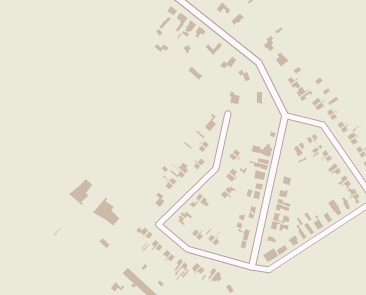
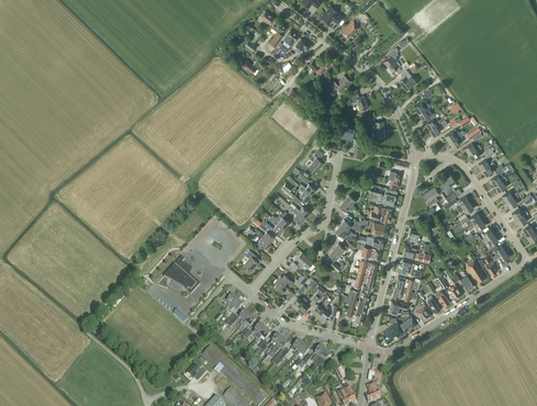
building: [68,178,93,206] -> none

